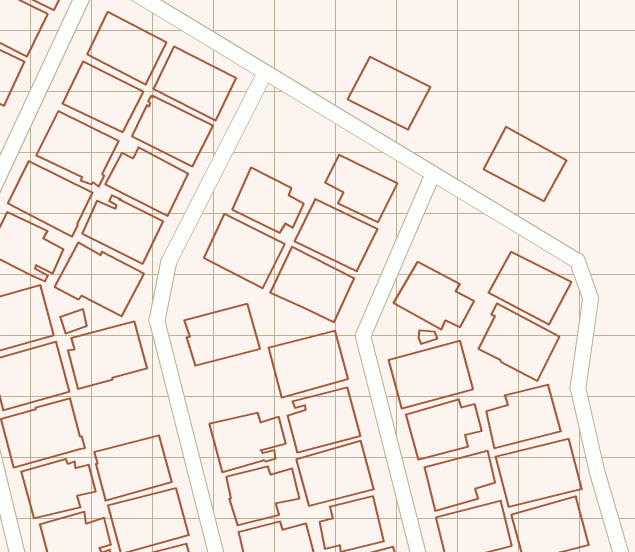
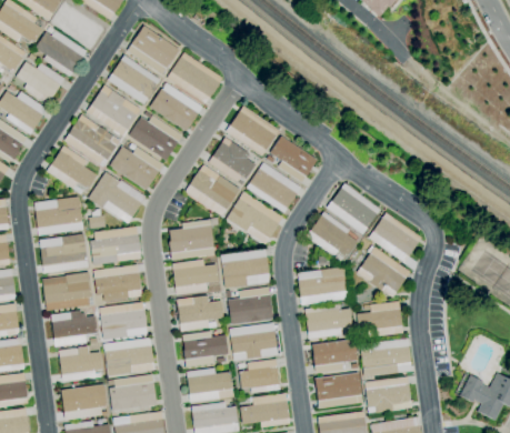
building: [348,57,430,130] -> [226,107,280,157]
building: [484,127,567,201] -> [327,183,381,234]
building: none -> [172,261,219,295]
building: none -> [94,265,142,302]

